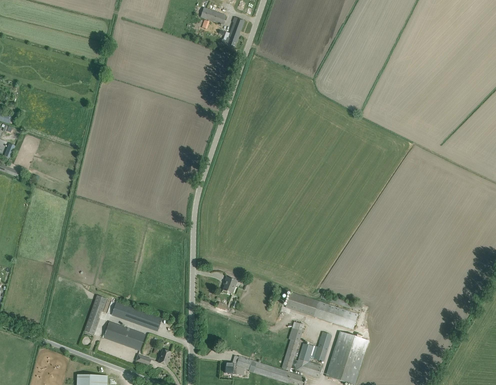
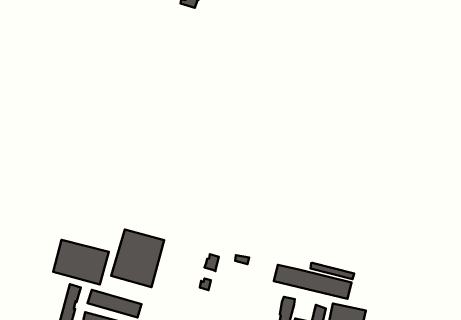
building: none -> [111,229,164,287]
building: none -> [53,240,109,285]

